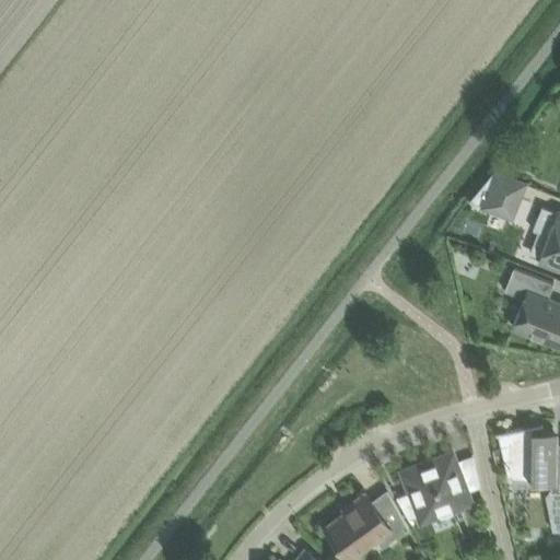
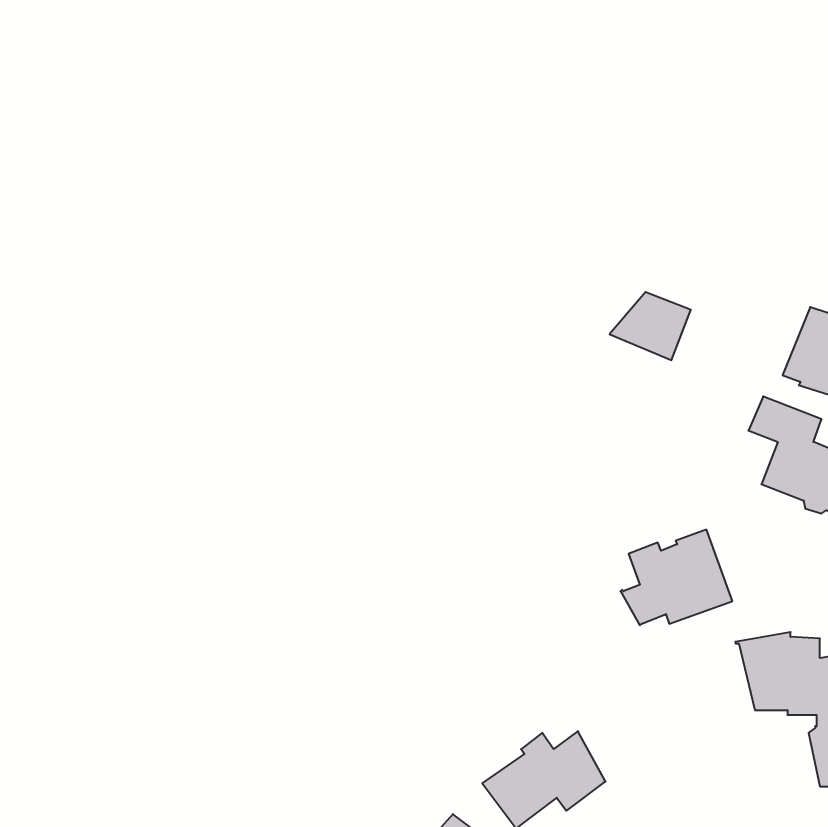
building: [470,173,525,219] -> [610,292,691,360]
building: [397,456,472,521] -> [620,530,732,625]

